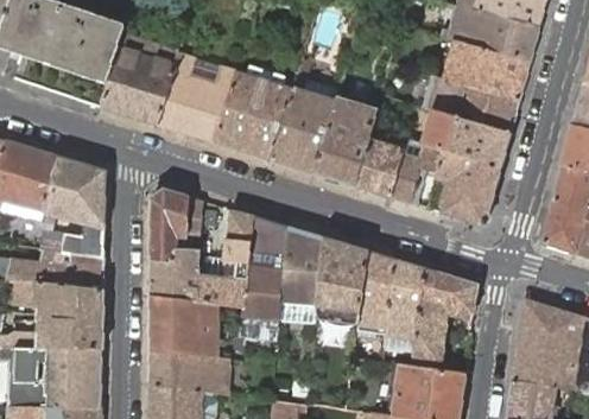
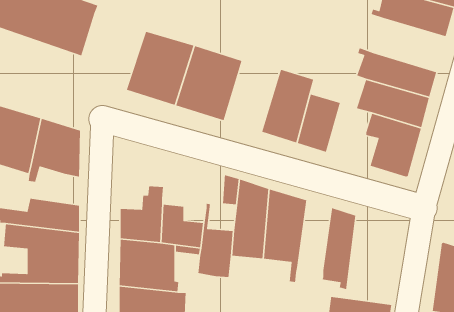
building: [99,34,179,123] -> none
building: [444,40,528,102] -> none
building: [271,59,340,172] -> none
building: [390,138,442,202] -> none
building: [150,188,202,261] -> none
building: [224,208,253,260] -> none
building: [40,221,103,256] -> none
building: [355,250,395,339] -> none
building: [412,268,476,366] -> none

